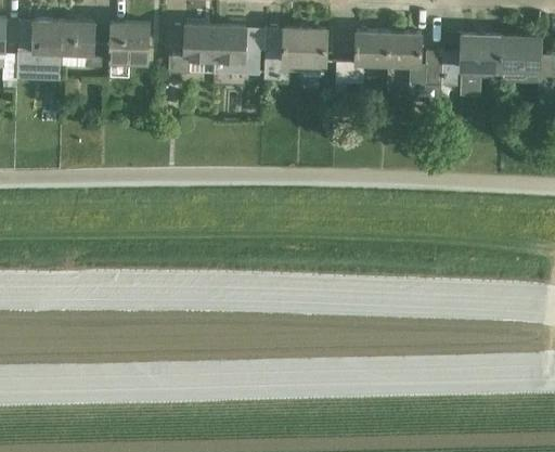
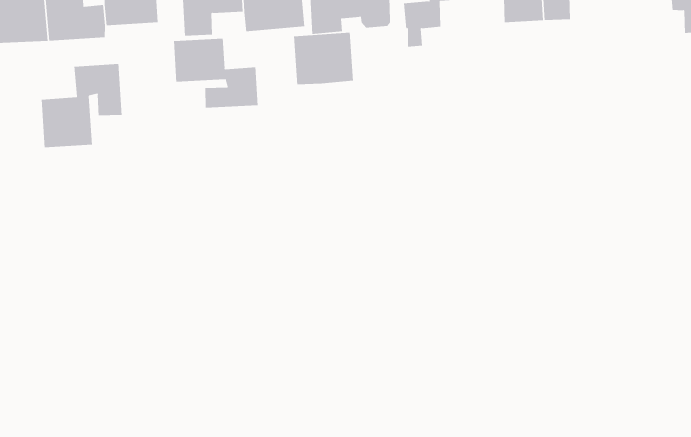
building: none -> [174,38,258,108]
building: none -> [294,32,354,85]
building: none -> [41,63,122,148]

